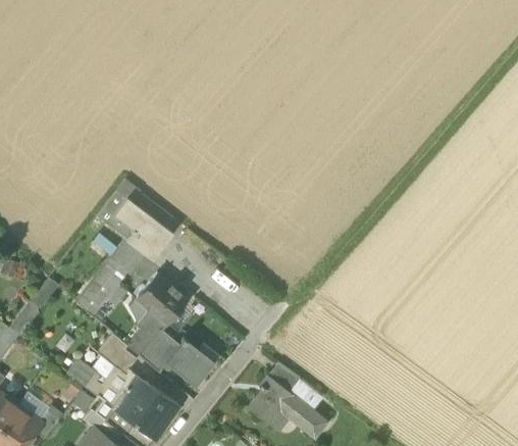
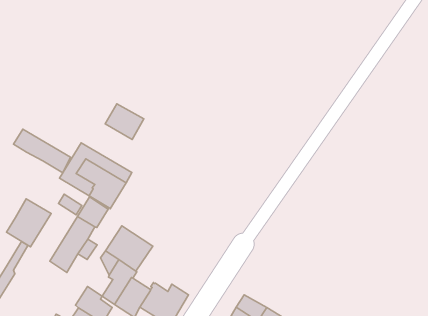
building: none -> [105,104,144,140]
building: none -> [14,129,71,173]
building: none -> [7,199,51,247]

